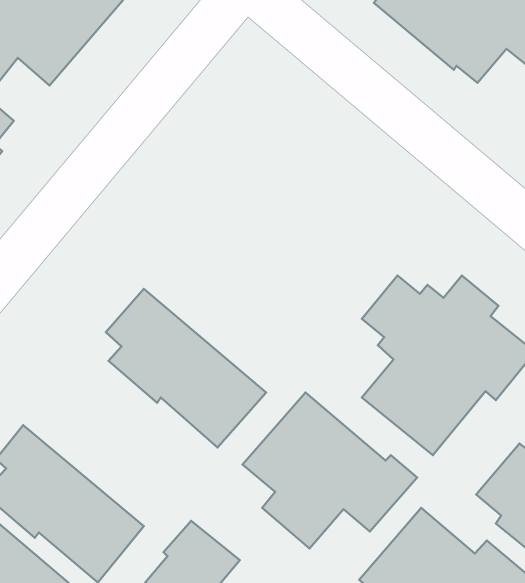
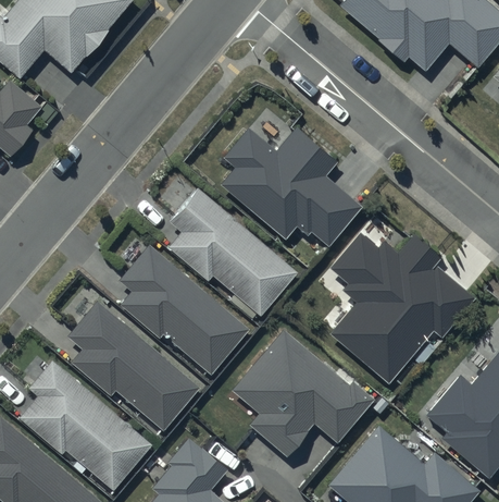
building: none -> [221,127,363,247]
building: none -> [165,184,296,314]
building: none -> [65,298,197,429]

